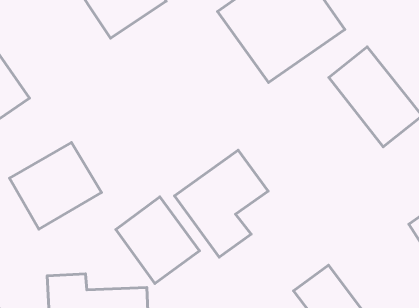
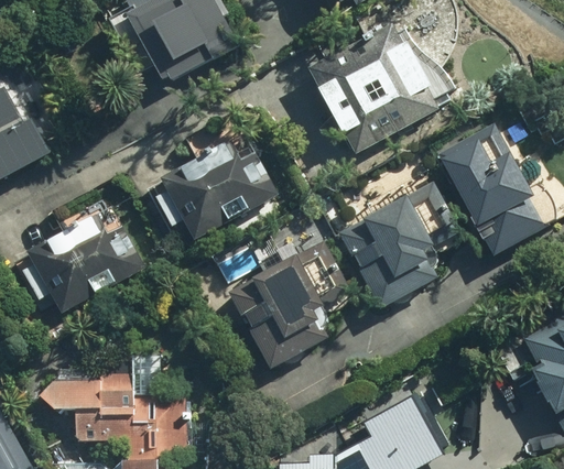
building: none -> [160,132,280,244]
building: none -> [335,176,462,308]
building: [116,197,200,284] -> none

